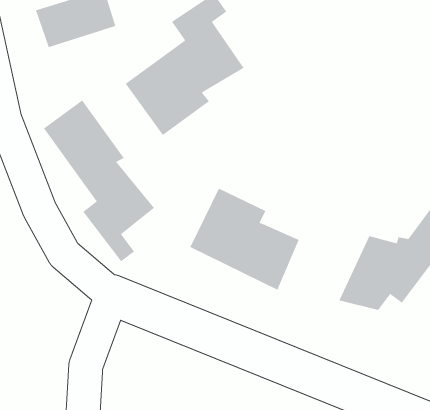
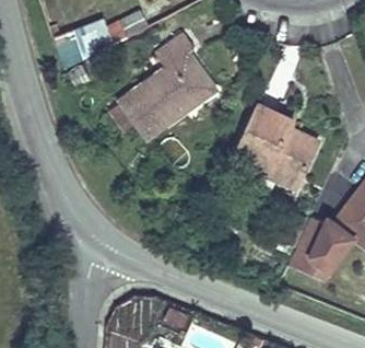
building: [43,100,155,262] -> none
building: [190,188,299,290] -> [237,101,320,178]

